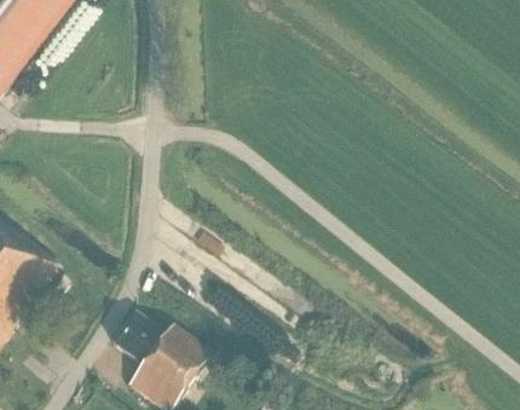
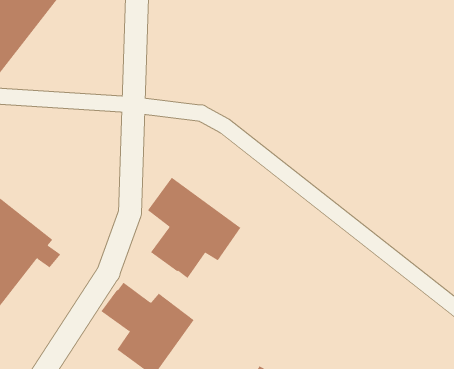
building: none -> [147,177,241,279]

